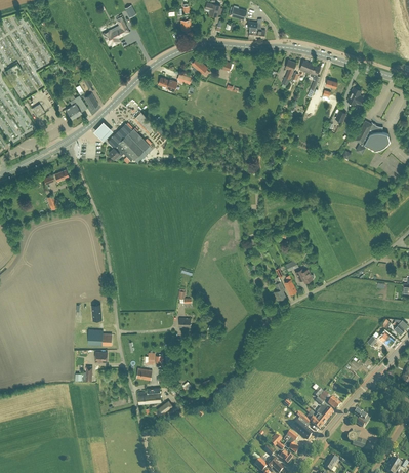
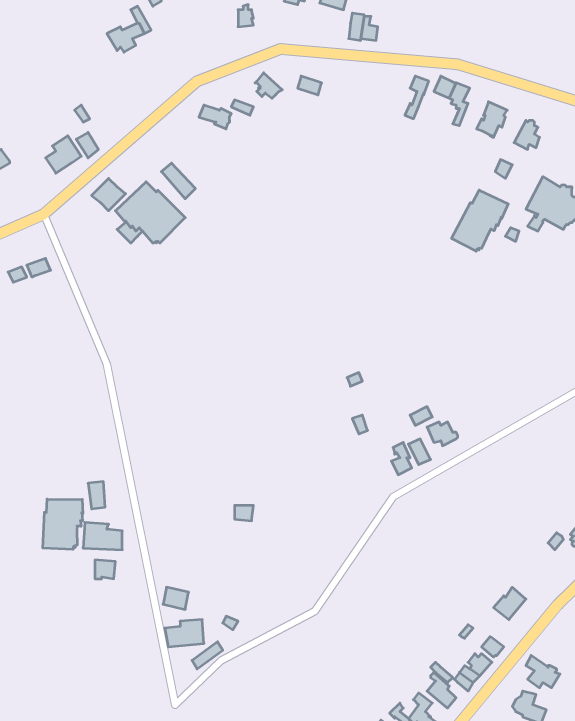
building: none -> [452,190,508,251]
building: none -> [43,499,83,549]

